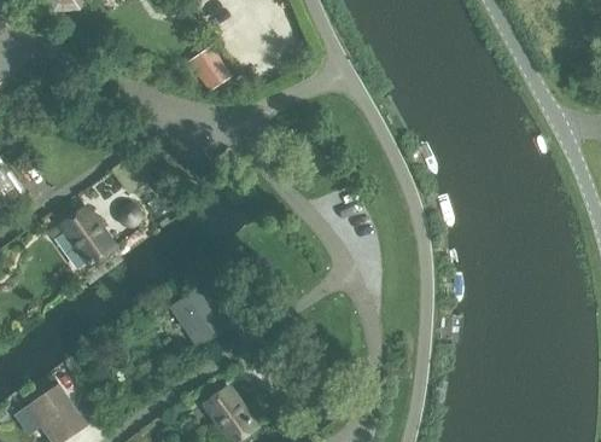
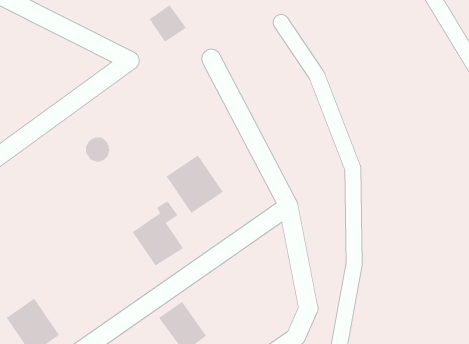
building: [57,207,112,266] -> none
building: none -> [166,155,224,214]

